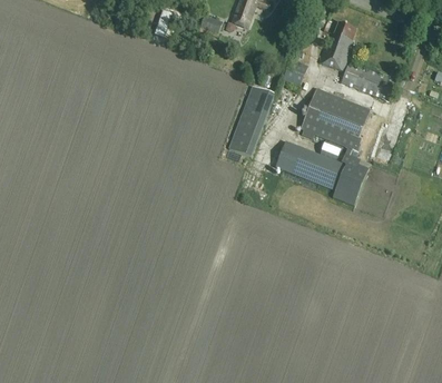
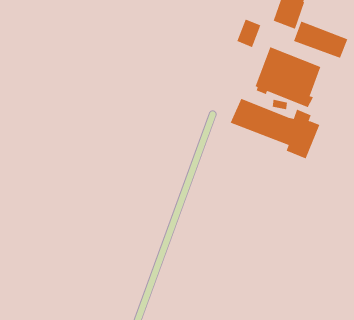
building: [228,85,275,156] -> none

